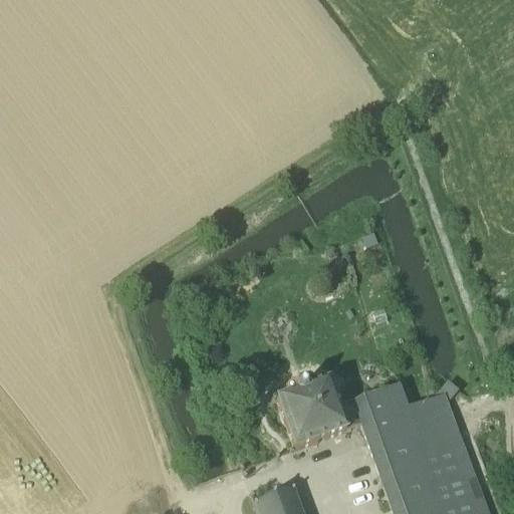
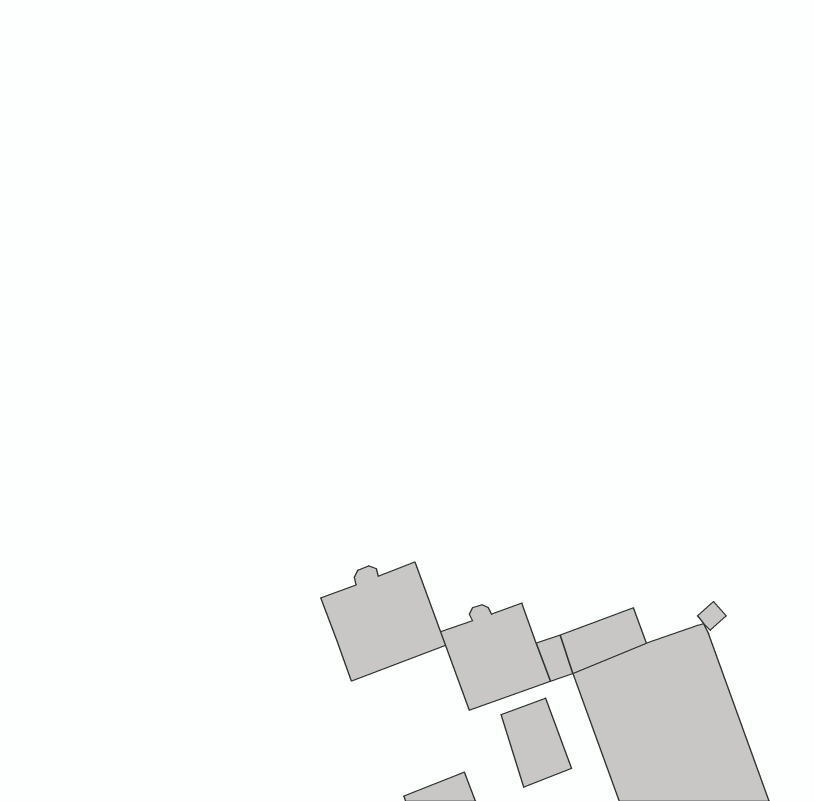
building: none -> [321,562,445,681]
building: none -> [501,698,571,787]

